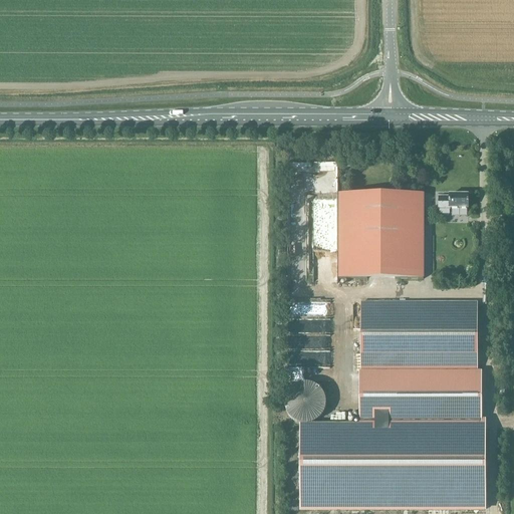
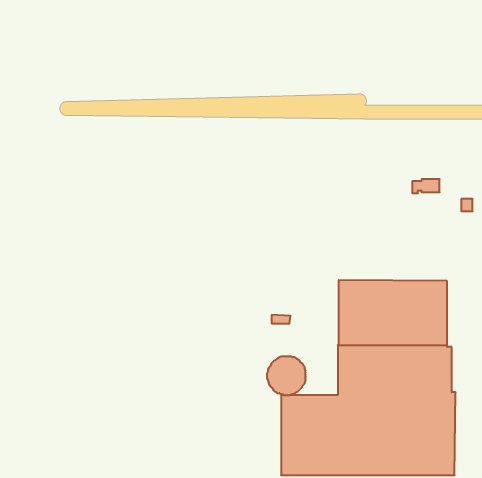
building: [338,190,424,275] -> none

